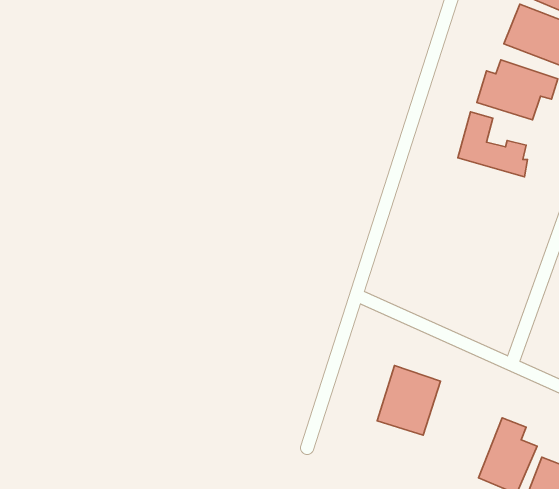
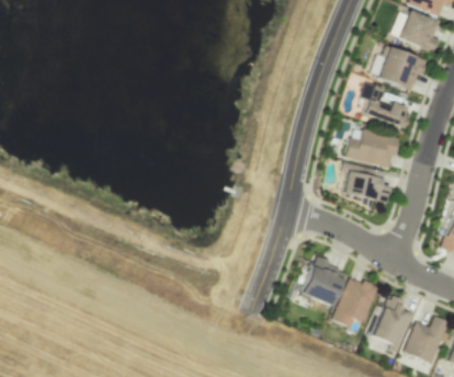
building: none -> [347,128,399,168]
building: none -> [343,170,390,202]
building: none -> [336,277,378,327]

